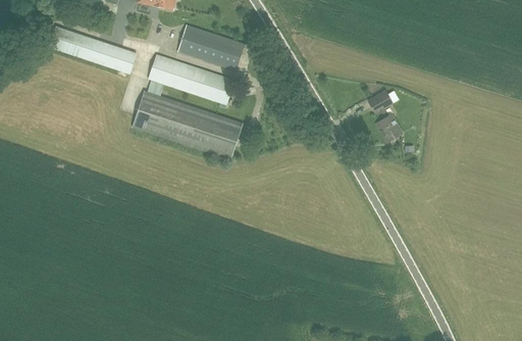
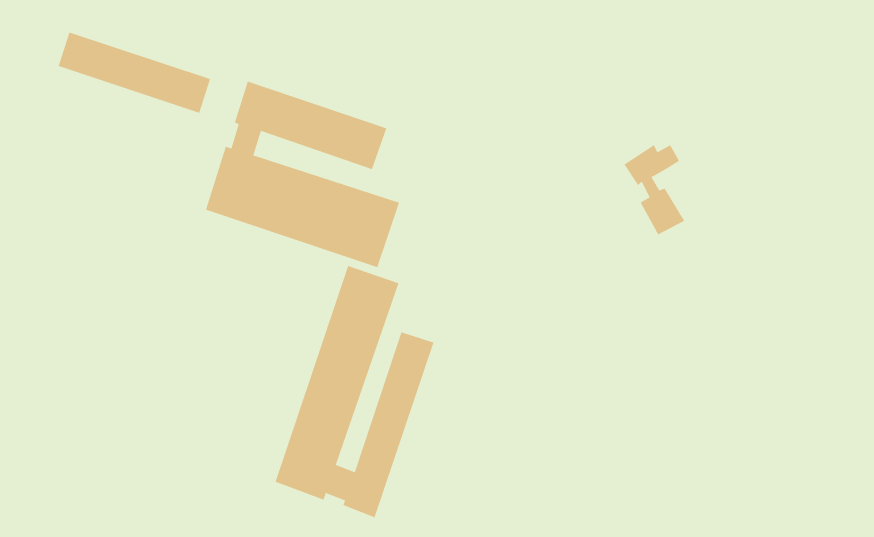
building: [177,25,245,70] -> none
building: none -> [275,265,434,518]

